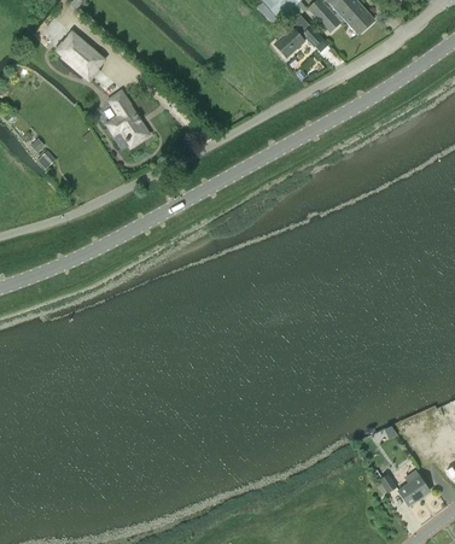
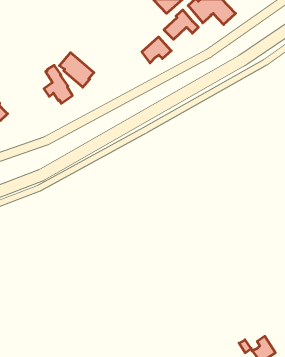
building: [56,33,104,81] -> [59,53,94,87]
building: none -> [142,37,171,63]

